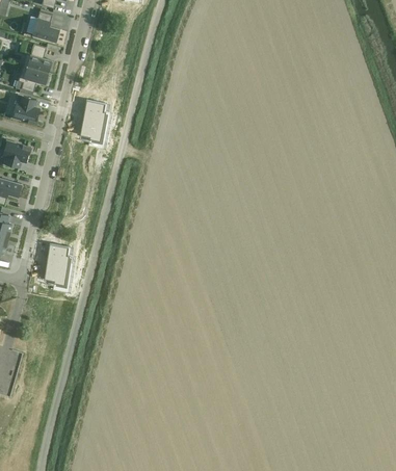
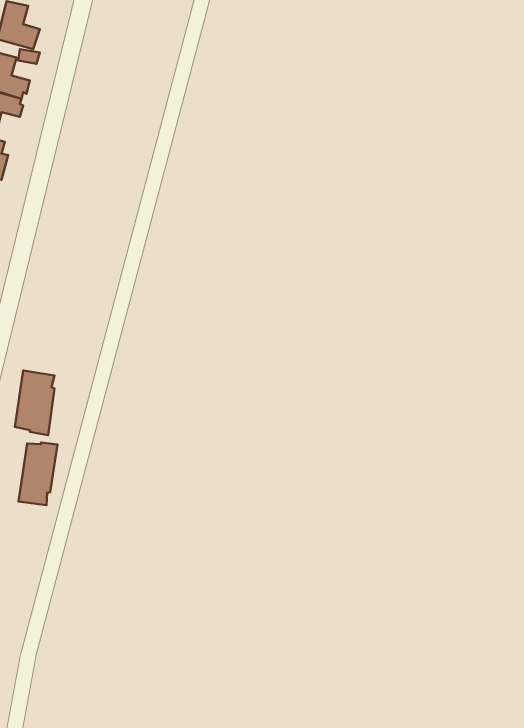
building: [79,101,105,141] -> none
building: none -> [19,443,57,505]

